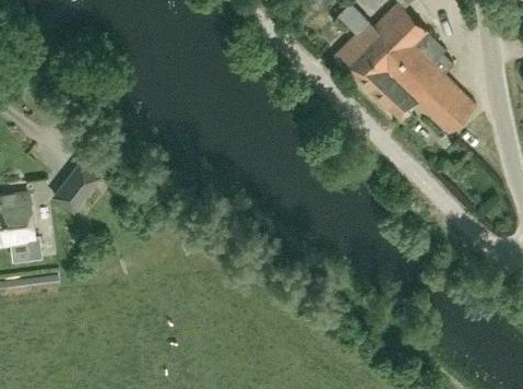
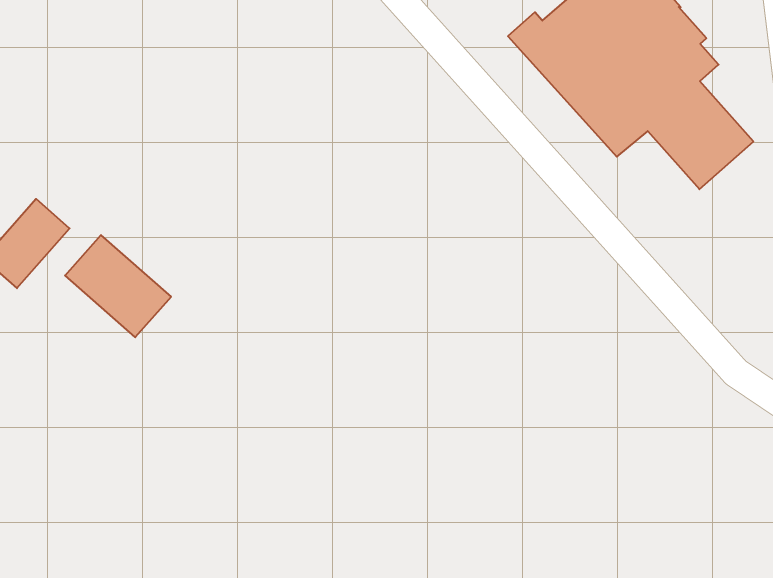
building: none -> [65,235,171,337]

